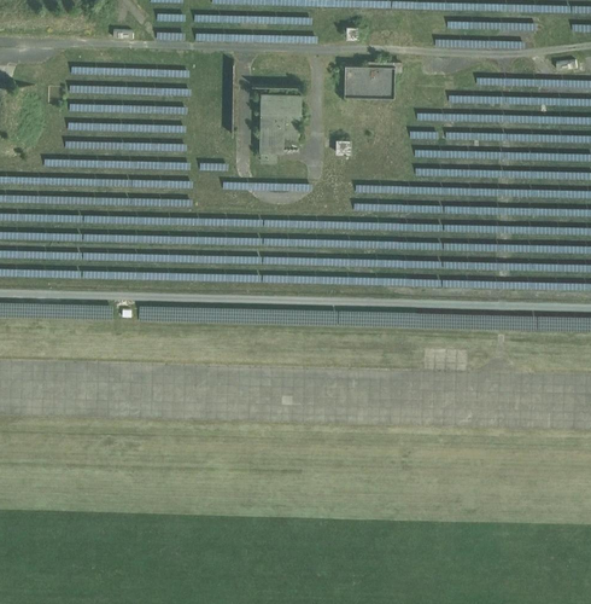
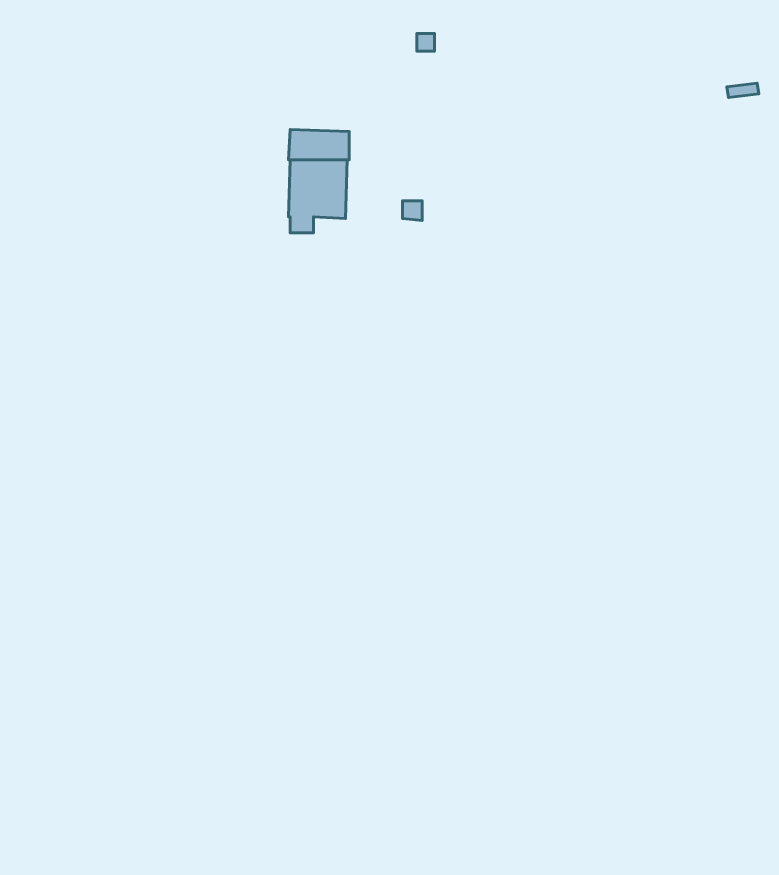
building: [339,64,397,97] -> none

